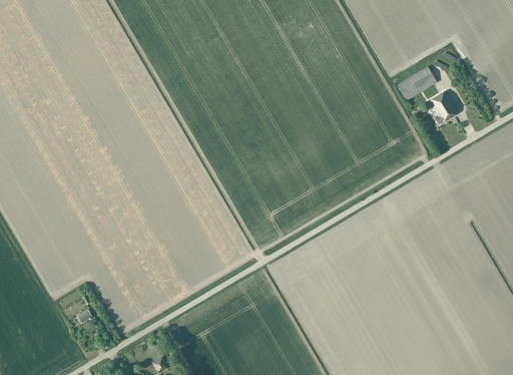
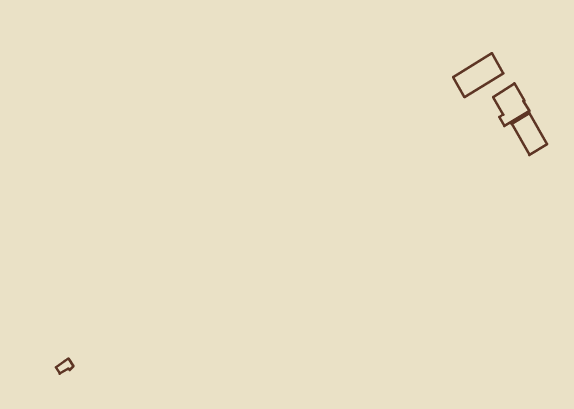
building: none -> [512,113,547,155]

